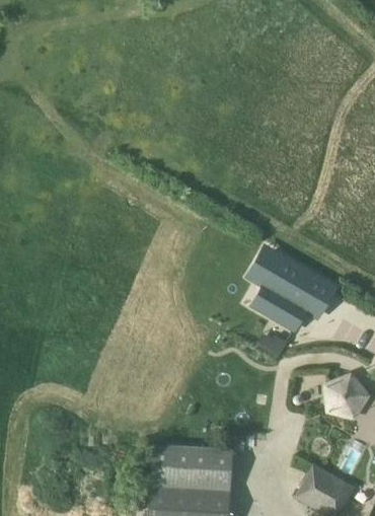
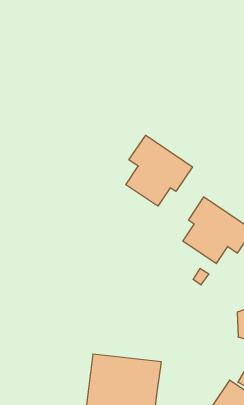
building: none -> [126,135,192,206]

